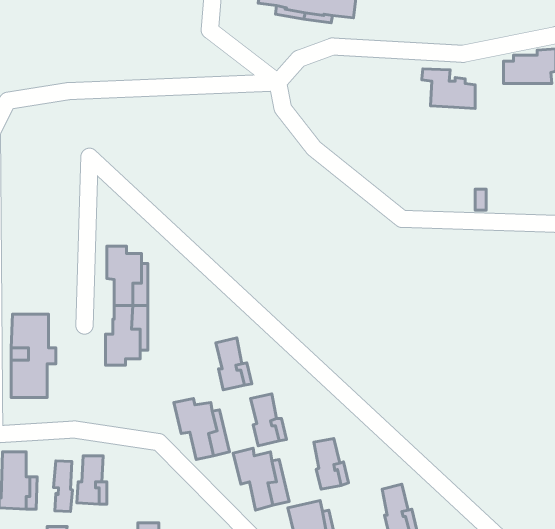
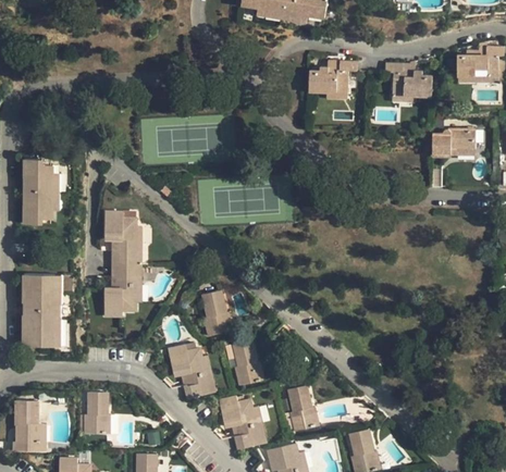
building: none -> [308,60,356,92]
building: none -> [431,128,474,154]
building: none -> [25,169,55,235]
building: [53,461,72,511] -> none

